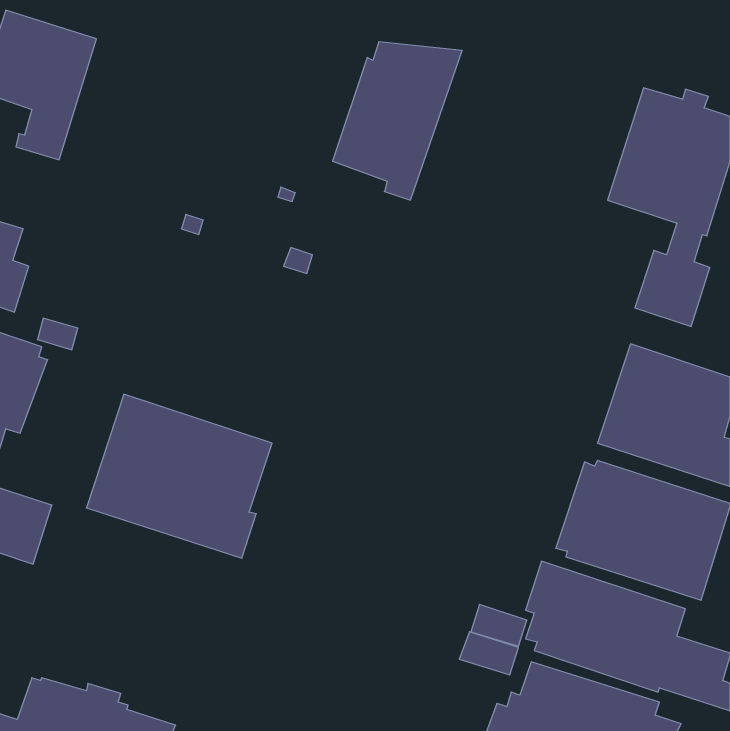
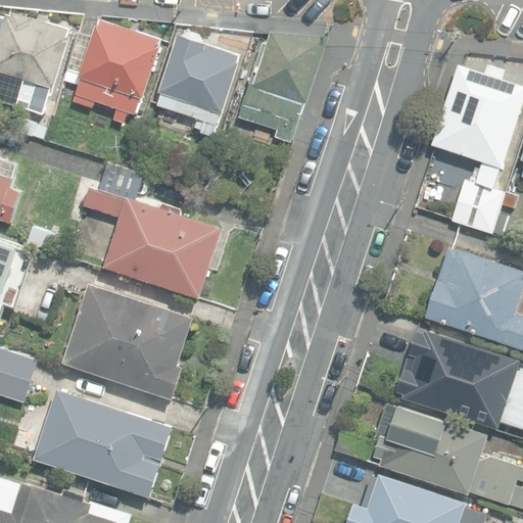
building: none -> [61,20,159,115]
building: none -> [155,32,239,138]
building: none -> [81,163,223,300]
building: none -> [32,390,172,497]

